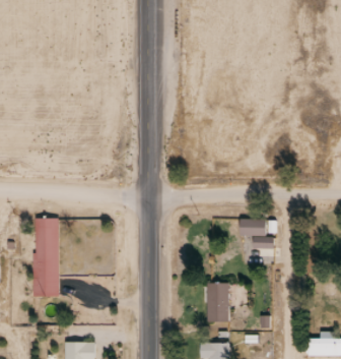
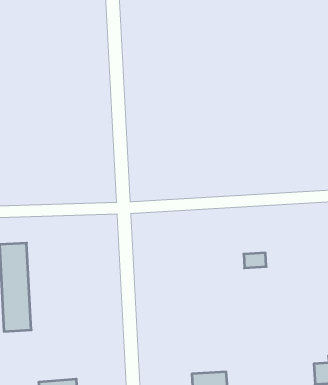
building: [236,214,262,230] -> none
building: [208,283,231,323] -> none

